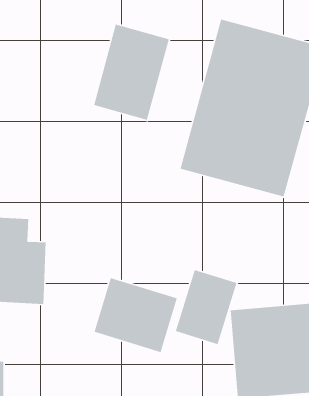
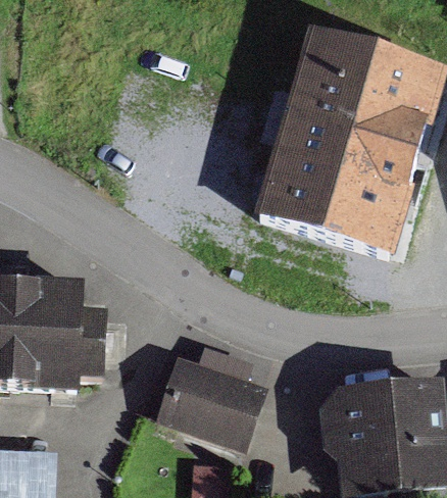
building: [93,24,170,121] -> none
building: [175,269,237,345] -> none

